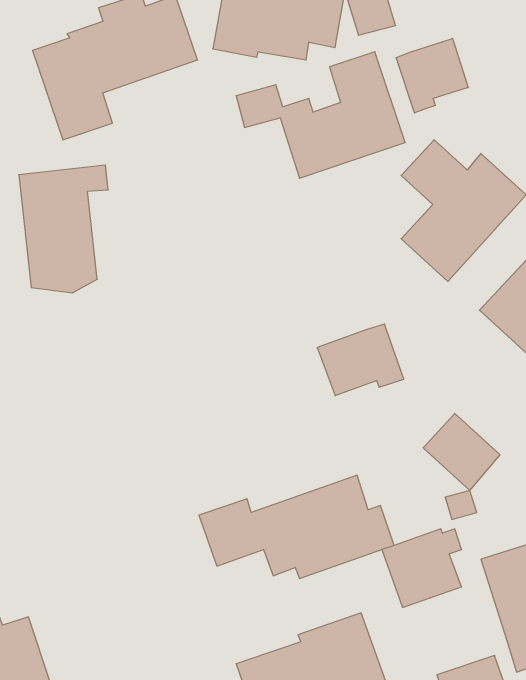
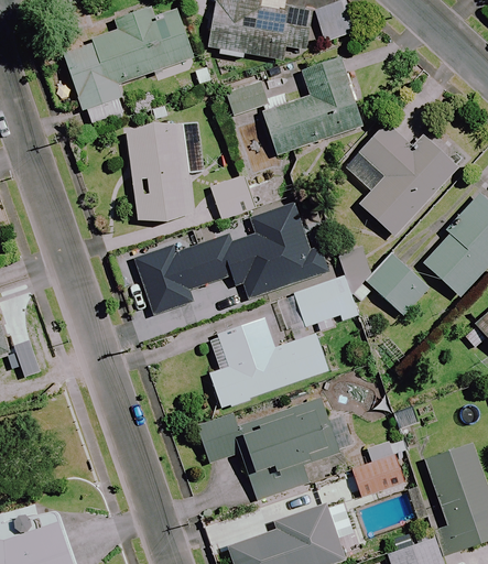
building: [396,38,468,113] -> none
building: [19,165,108,293] -> [127,121,198,224]
building: none -> [210,177,251,219]
building: none -> [134,203,328,327]
building: none -> [208,318,328,411]
building: [423,413,500,490] -> [366,253,427,315]

